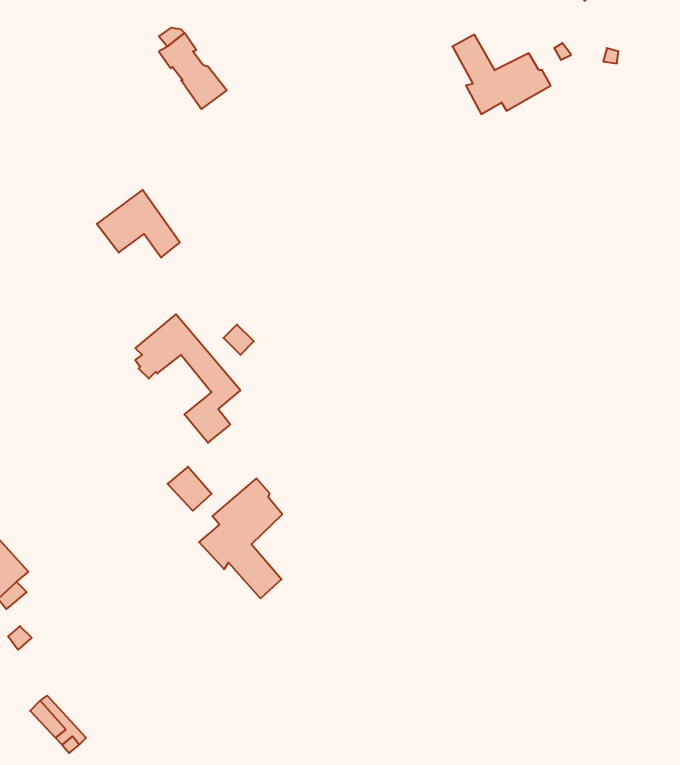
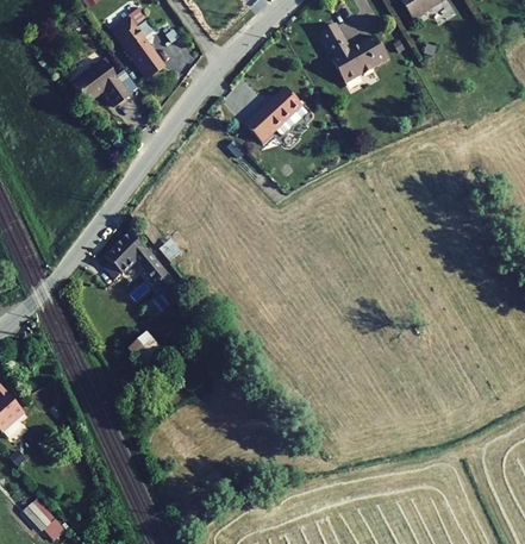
building: none -> [245,87,300,145]
building: [97,190,180,258] -> [71,58,130,106]
building: [199,478,282,598] -> none

